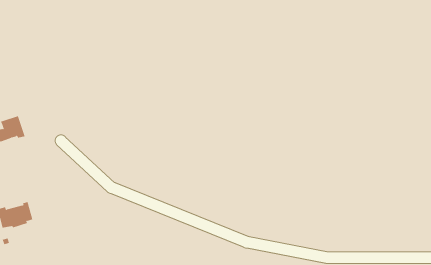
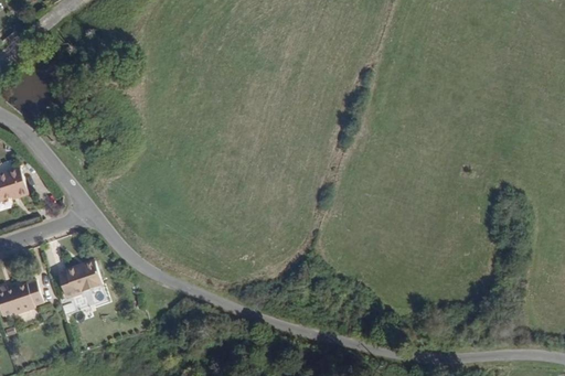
building: none -> [60,266,103,300]

